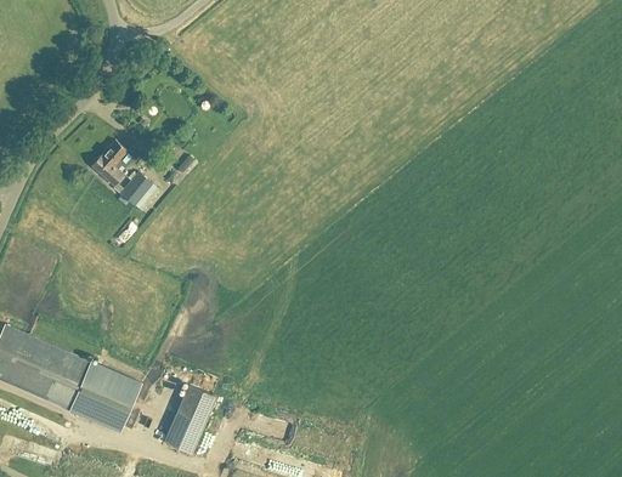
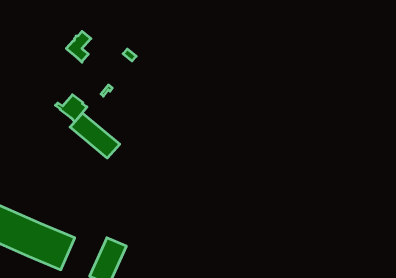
building: [91,138,128,184] -> [66,31,91,62]
building: none -> [70,113,120,158]

